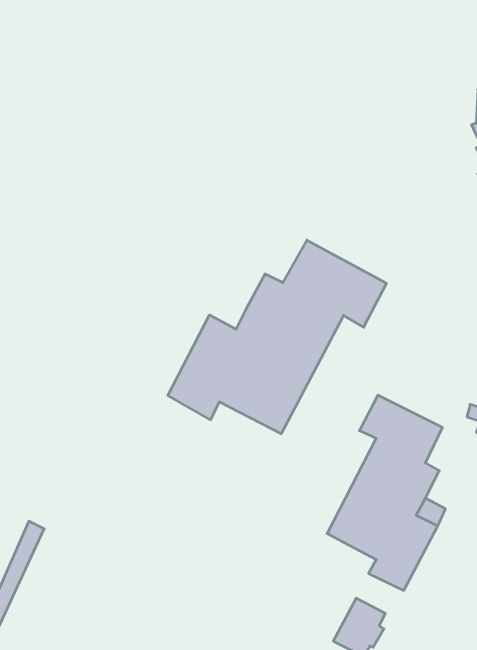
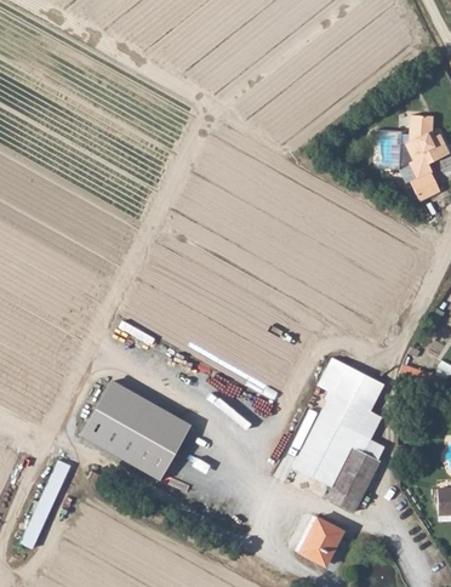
building: [168,240,386,434] -> none
building: none -> [79,381,189,480]

